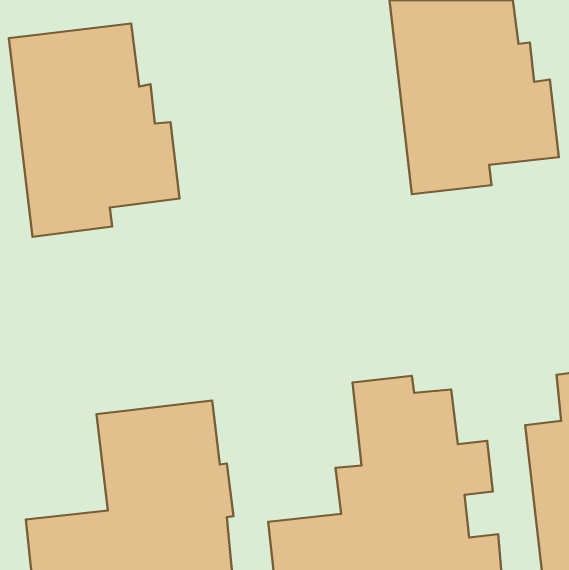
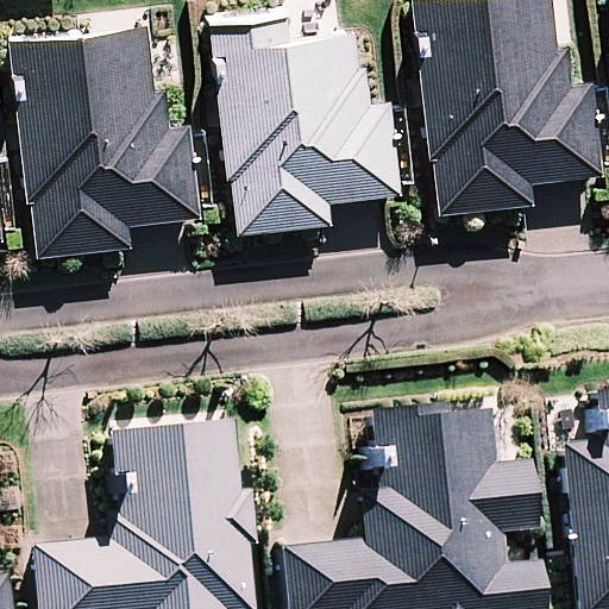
building: none -> [224,13,403,231]

